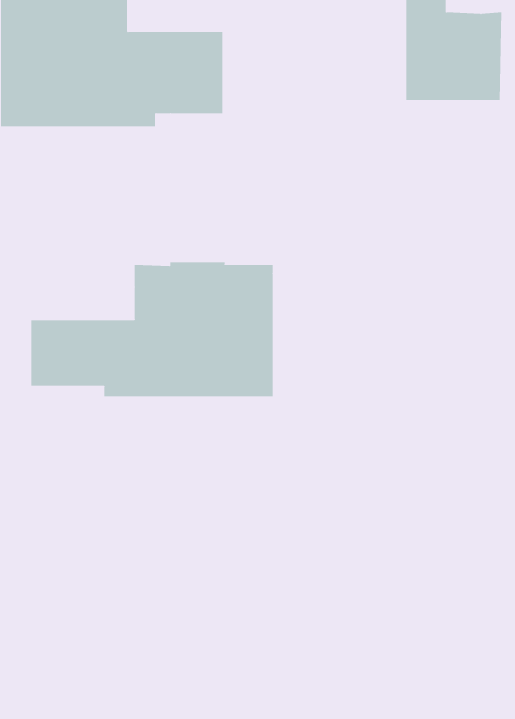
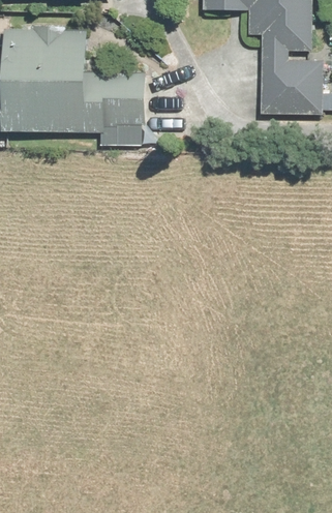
building: [31,262,273,397] -> none

